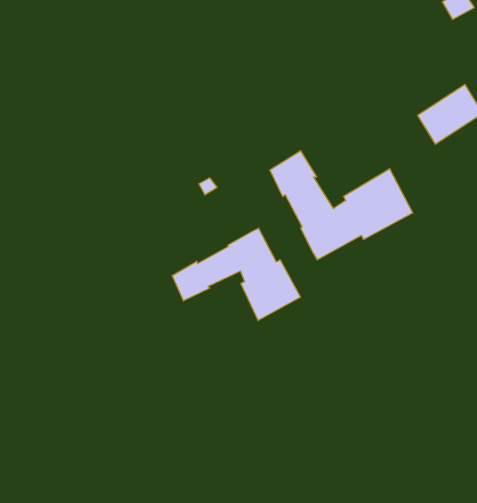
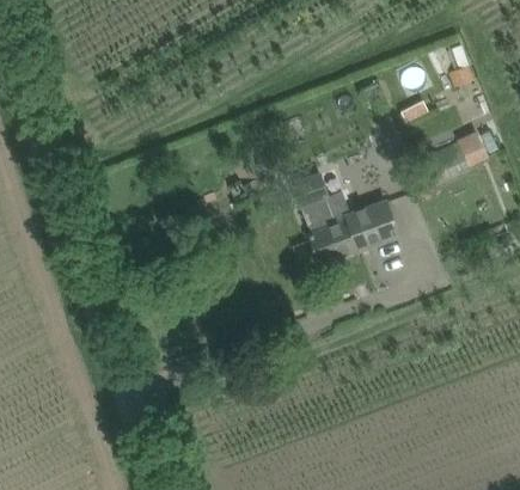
building: [172,228,300,321] -> none

